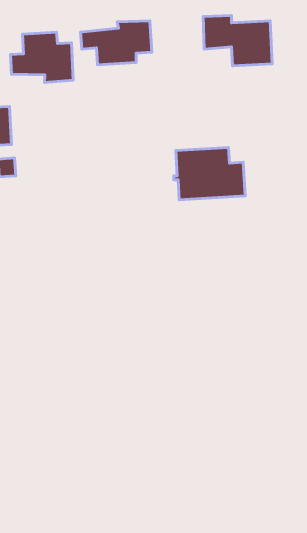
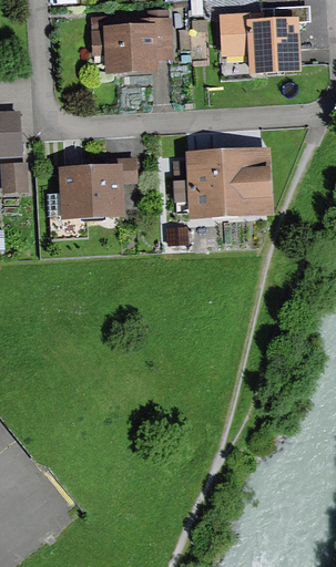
building: [10,32,73,82] -> none
building: none -> [63,158,135,215]

